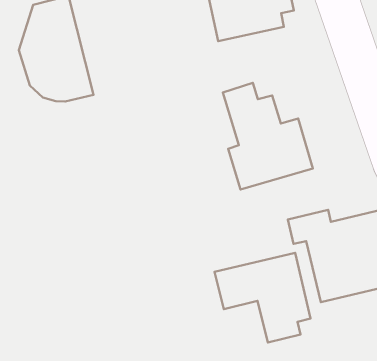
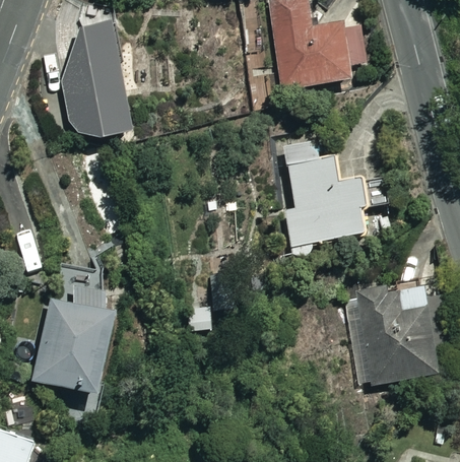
building: none -> [30,285,123,397]
building: [214,253,311,343] -> none

